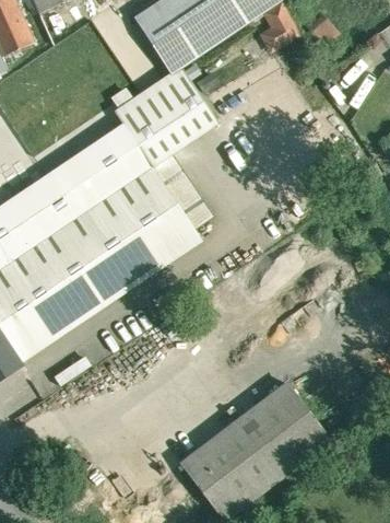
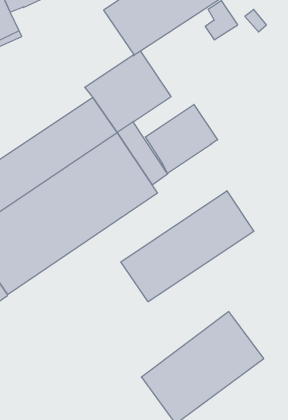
building: none -> [145,104,218,173]
building: none -> [121,191,254,302]

